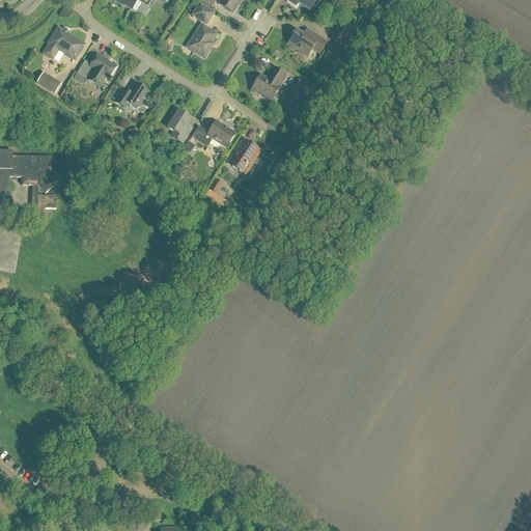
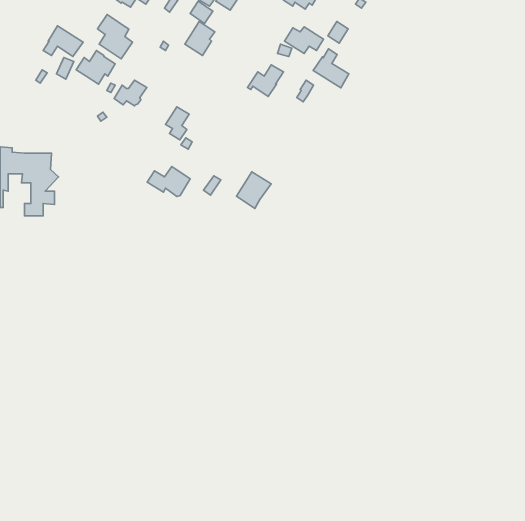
building: none -> [98,15,132,59]
building: none -> [313,49,349,88]
building: [191,119,234,149] -> [147,167,190,196]
building: [226,137,261,174] -> [236,172,271,209]

